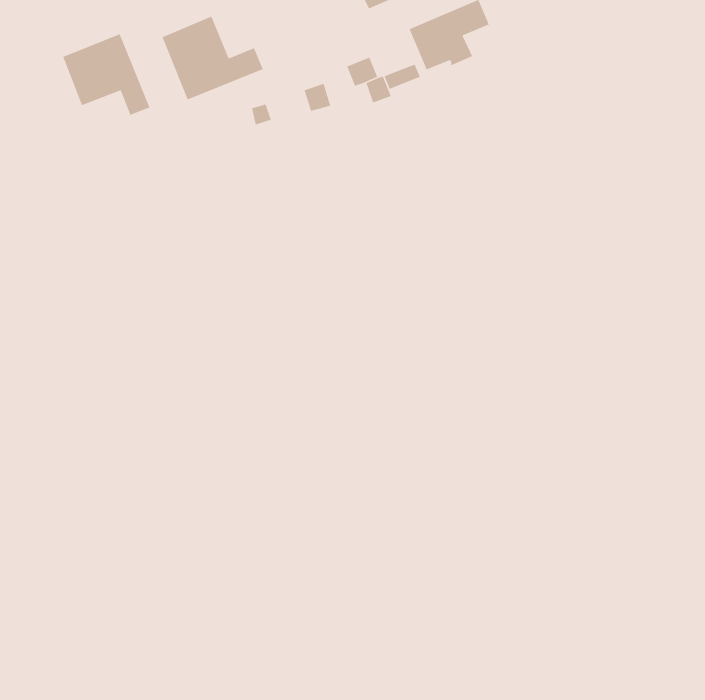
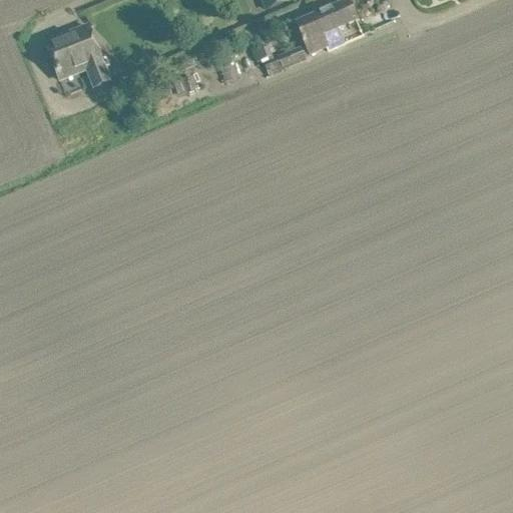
building: [161,16,264,100] -> none

